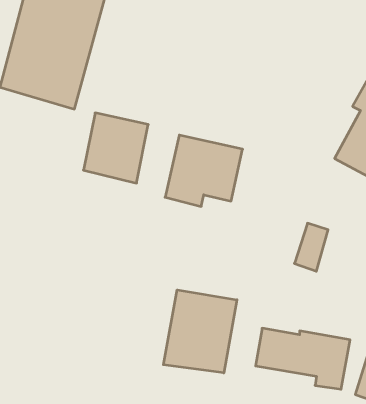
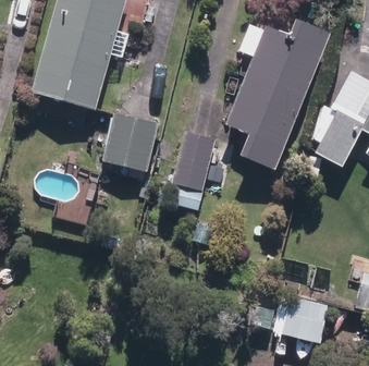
building: none -> [226,26,322,147]
building: [163,290,237,373] -> none

